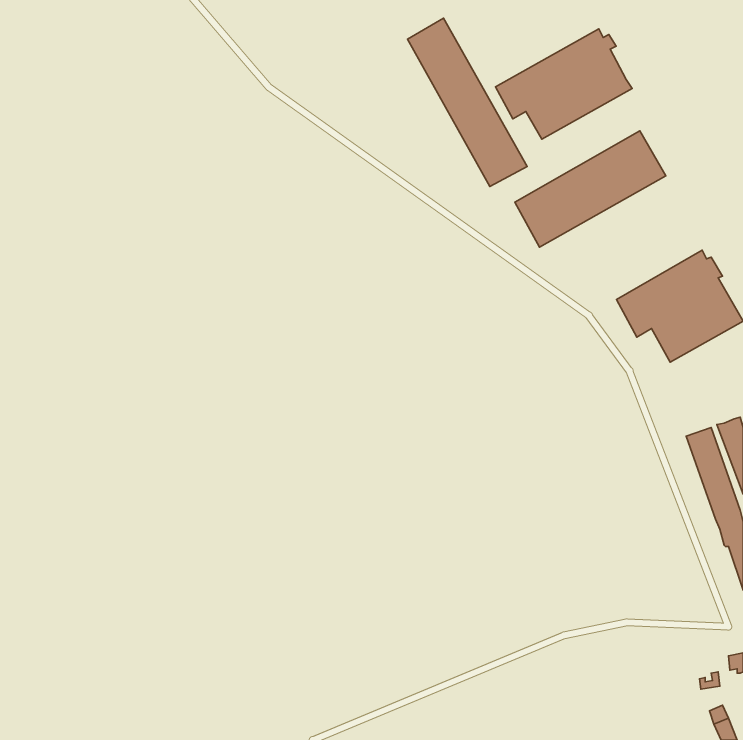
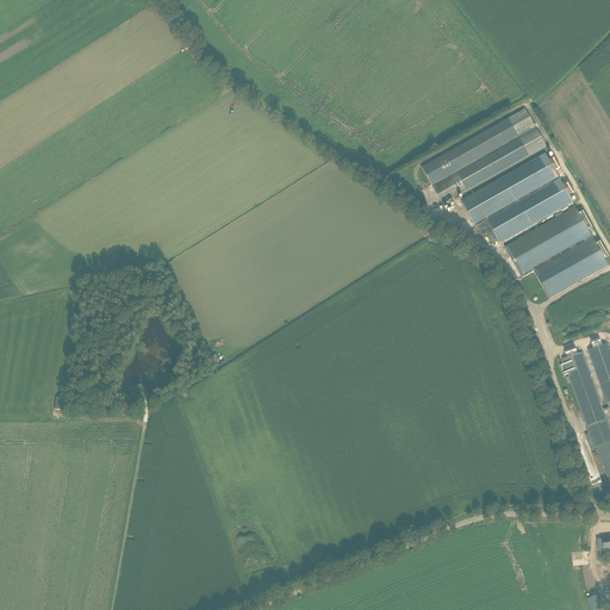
building: [407,18,527,187] -> none
building: [495,29,632,139] -> [461,151,573,242]

